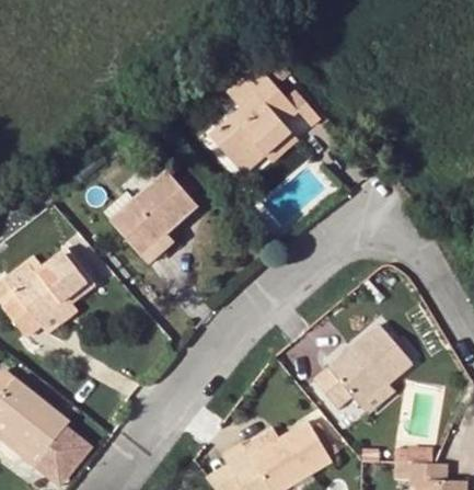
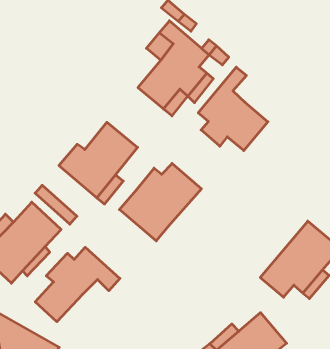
building: none -> [198,67,268,151]
building: none -> [119,163,201,241]
building: none -> [35,247,120,322]

